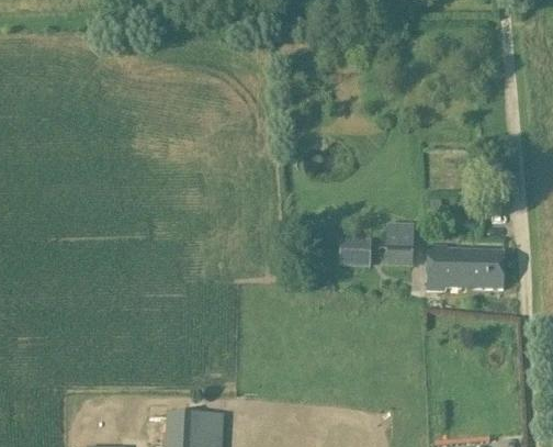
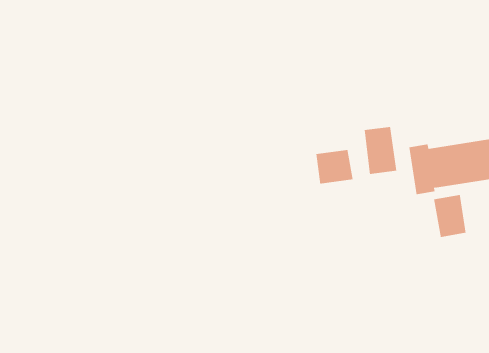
building: none -> [433,194,466,238]

